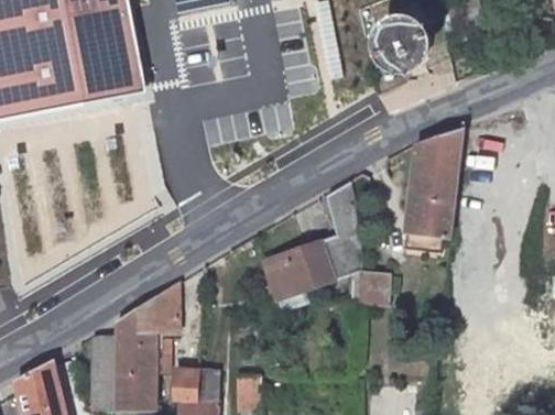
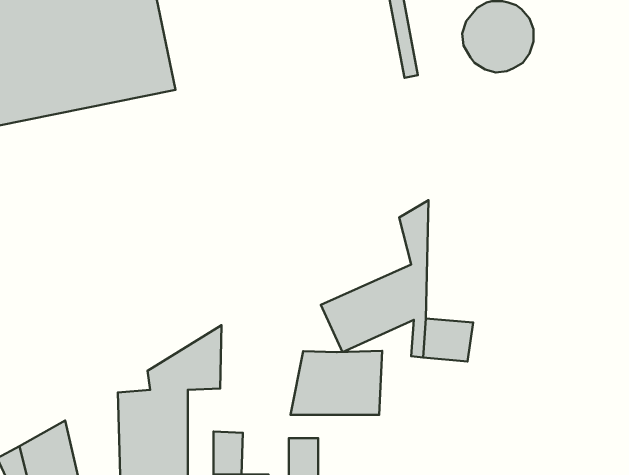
building: [404,124,466,241] -> none
building: none -> [290,351,382,415]

